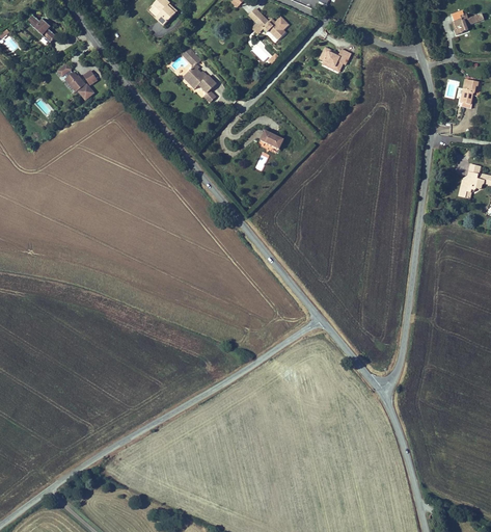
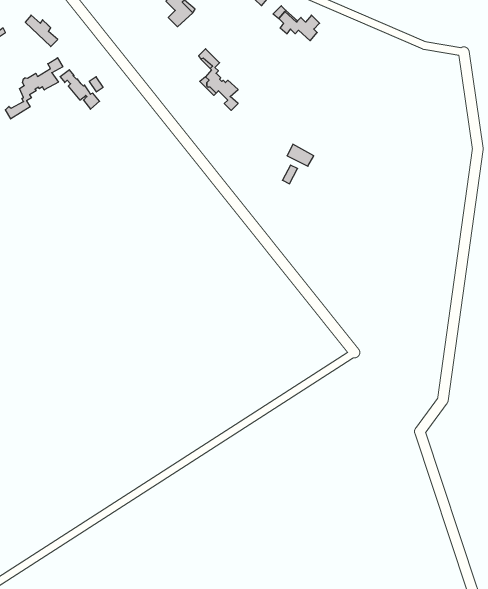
building: [320,47,350,70] -> none
building: none -> [5,58,63,119]

